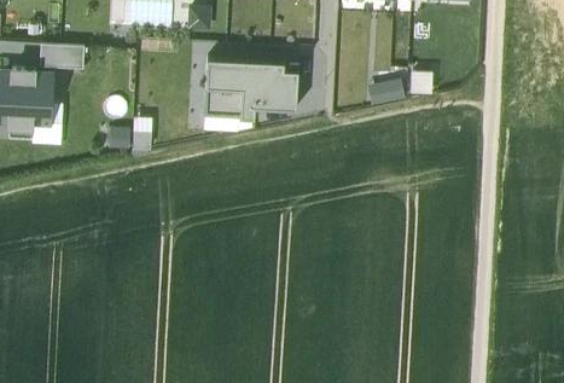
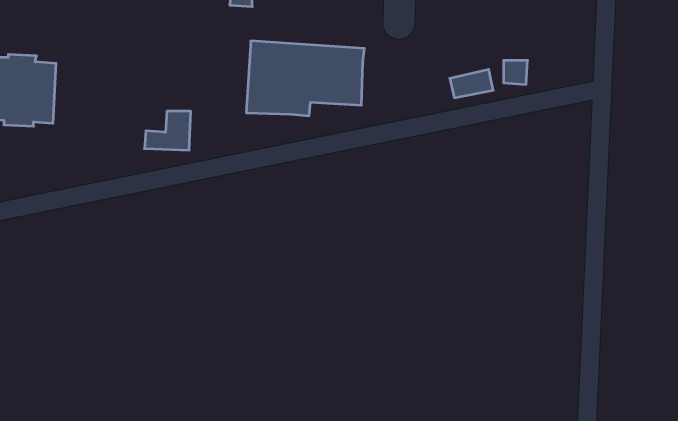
building: [40,43,86,69] -> none

